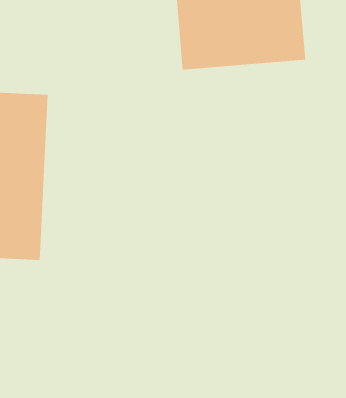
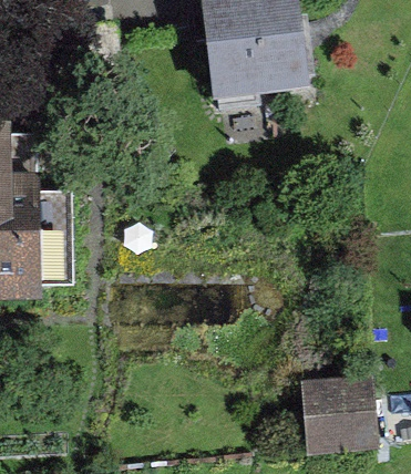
building: none -> [304,379,378,449]

